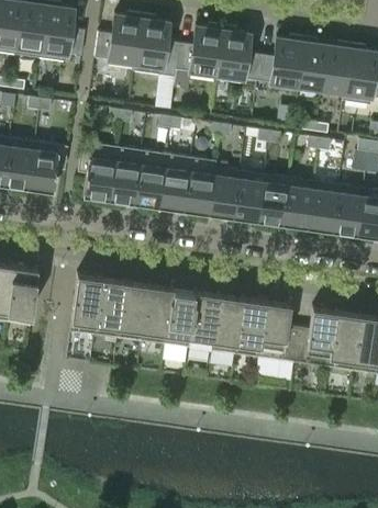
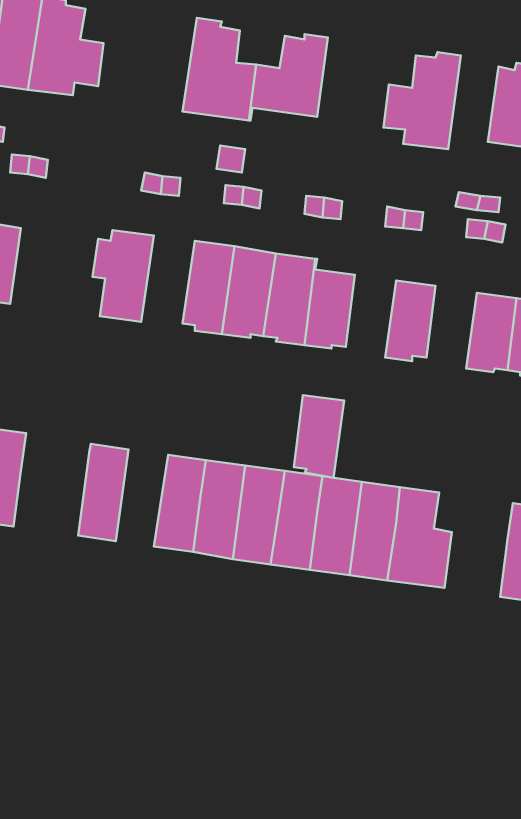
building: [94,13,143,72] -> none
building: [216,27,260,82] -> none
building: [297,38,327,95] -> none
building: [29,144,68,193] -> none
building: [109,148,142,204] -> none
building: [234,172,265,223] -> [294,395,344,478]
building: [284,179,314,229] -> none
building: [93,279,125,338] -> none
building: [294,308,336,369] -> none

